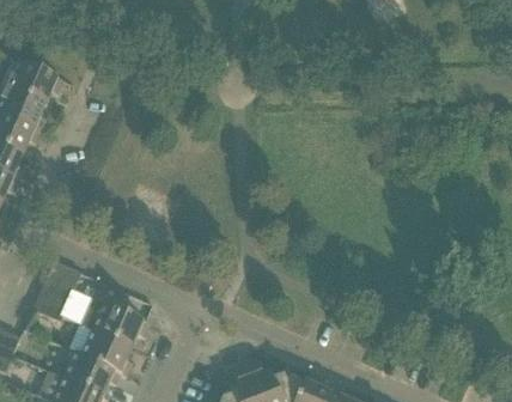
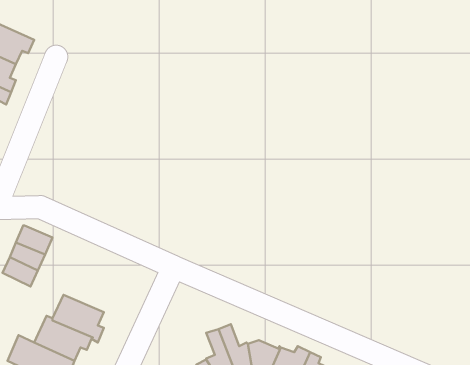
building: [81,300,150,348] -> none

